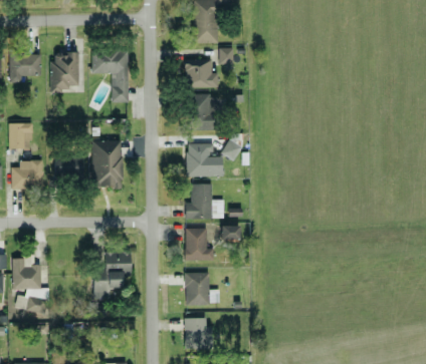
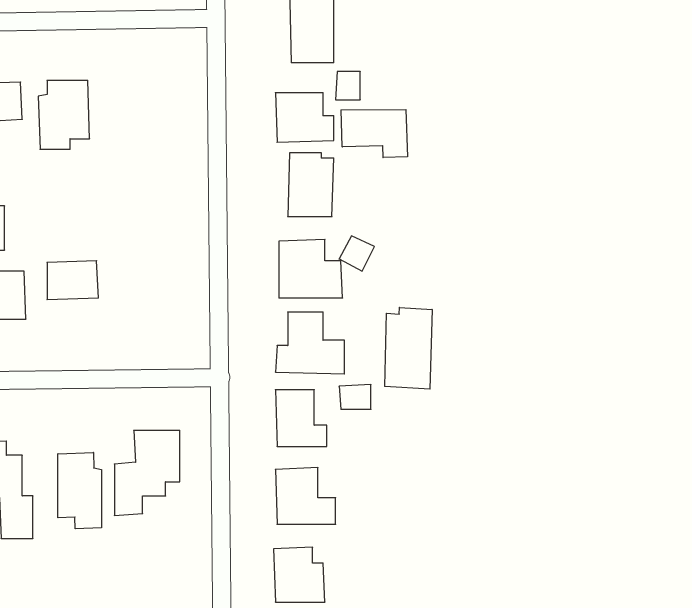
building: [91,50,129,102] -> none
building: none -> [341,110,407,158]
building: [91,141,123,189] -> none
building: none -> [385,307,432,389]
building: none -> [58,452,101,529]

